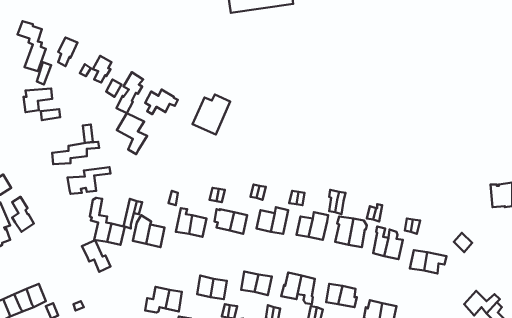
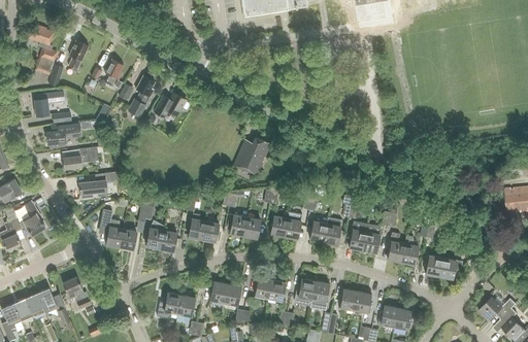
building: [192,94,230,134] -> [232,136,270,176]
building: [117,113,147,154] -> none
building: none -> [47,123,80,147]
building: [82,240,111,272] -> [62,277,91,309]

